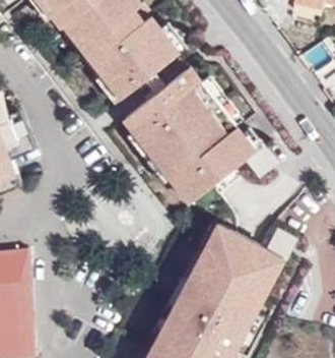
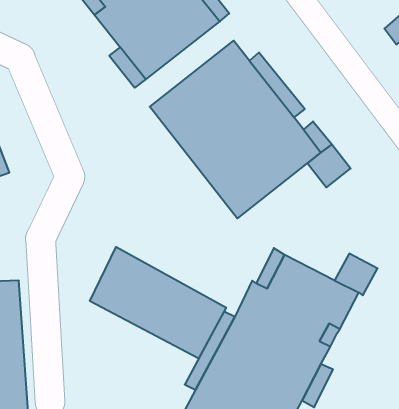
building: none -> [90,247,226,359]

